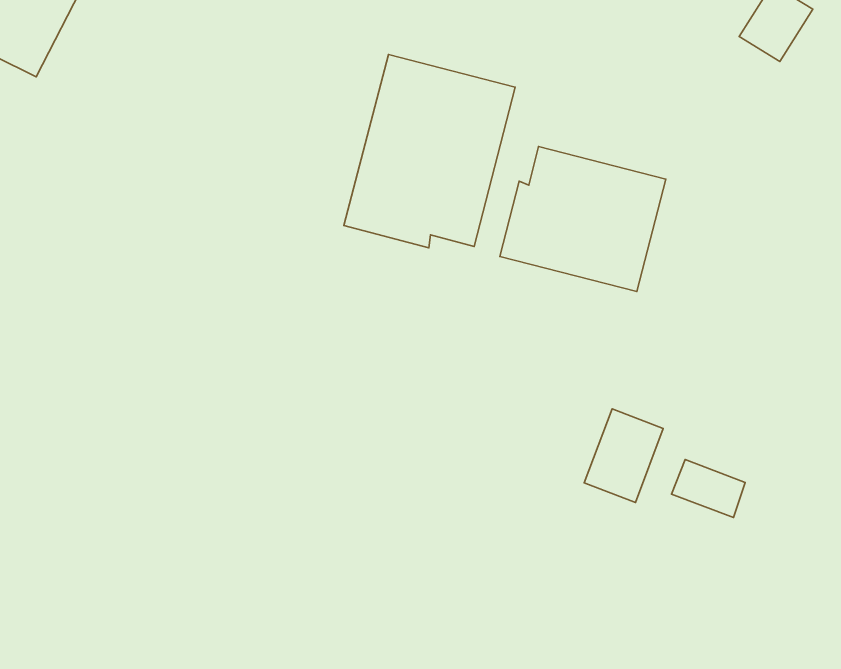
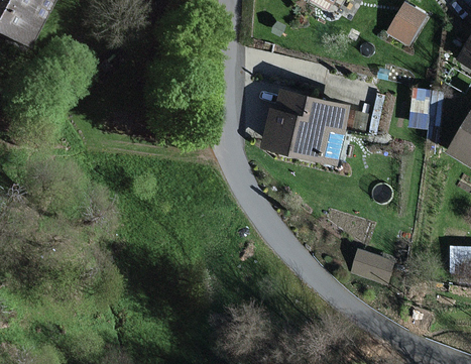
building: [344,55,515,248] -> none
building: [584,409,663,503] -> none

